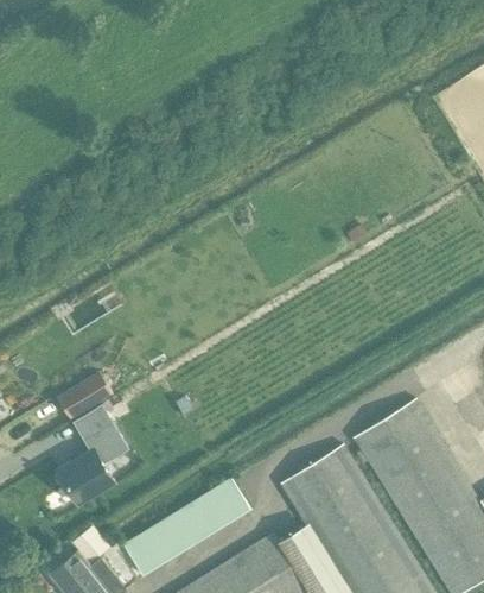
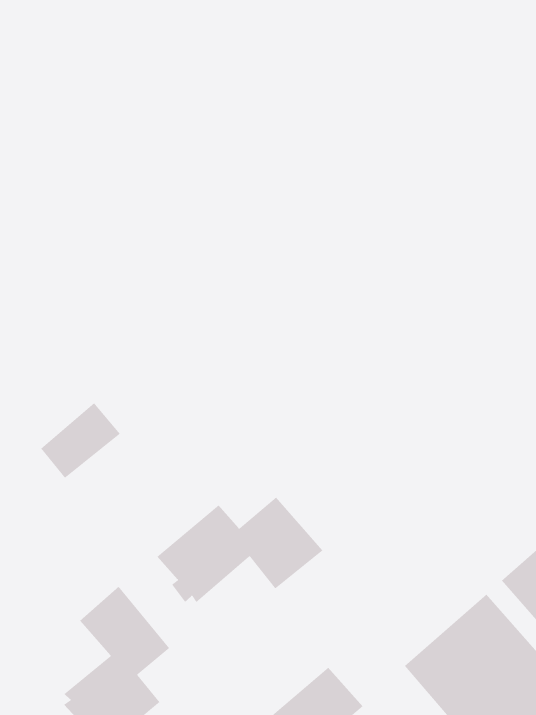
building: none -> [157,496,323,603]
building: [58,372,113,419] -> [40,402,121,479]

